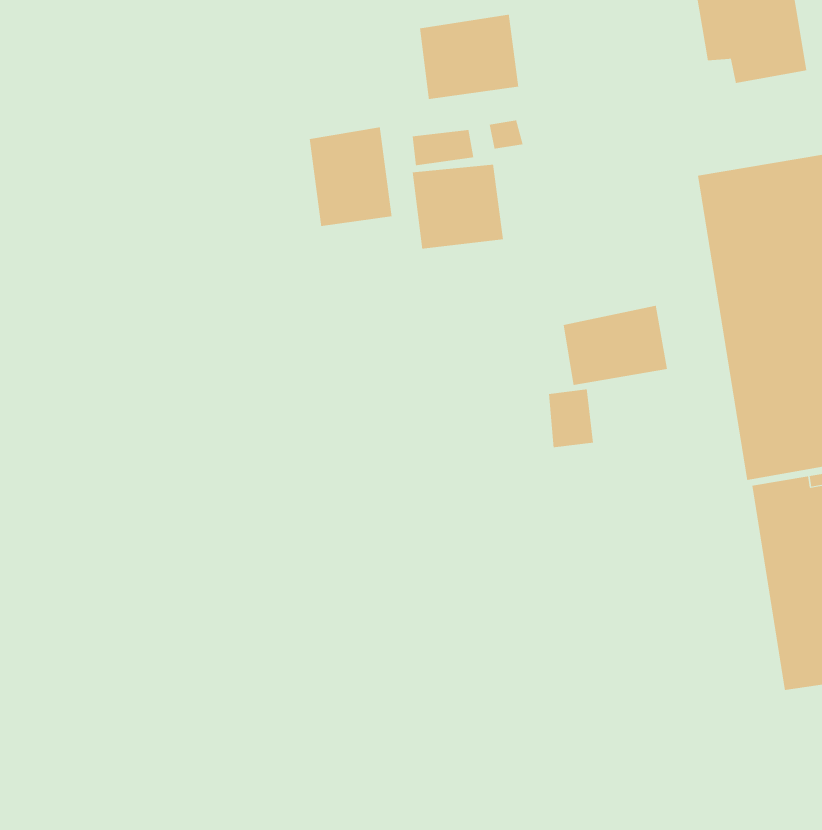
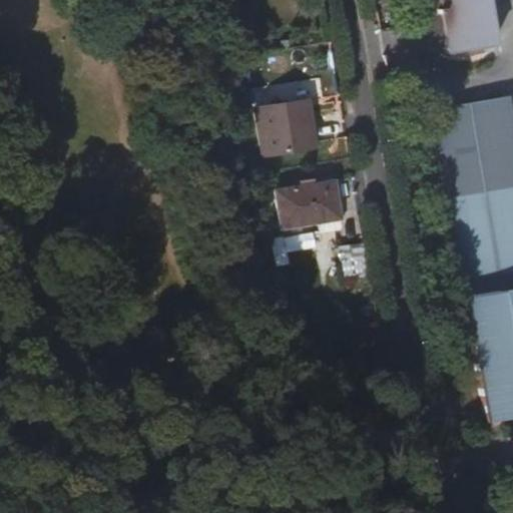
building: [420,14,519,100] -> none
building: [309,127,392,227] -> none
building: [563,305,668,386] -> [281,180,345,229]

